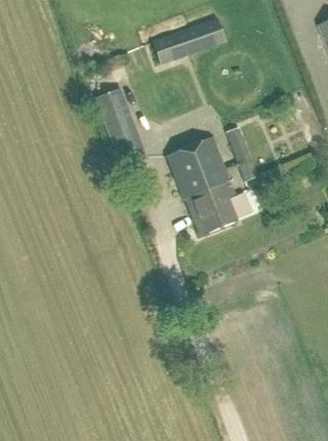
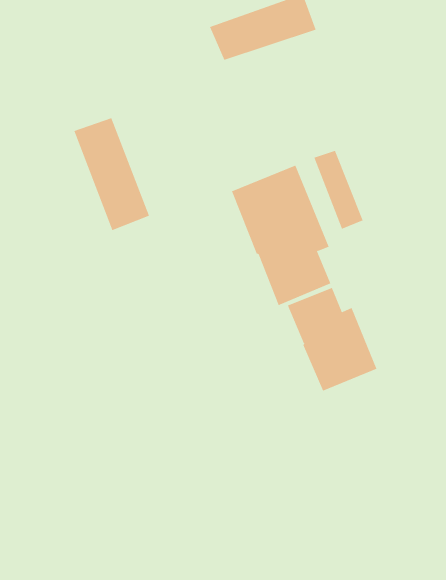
building: [94,87,148,166] -> [74,118,150,231]
building: none -> [287,287,377,392]

